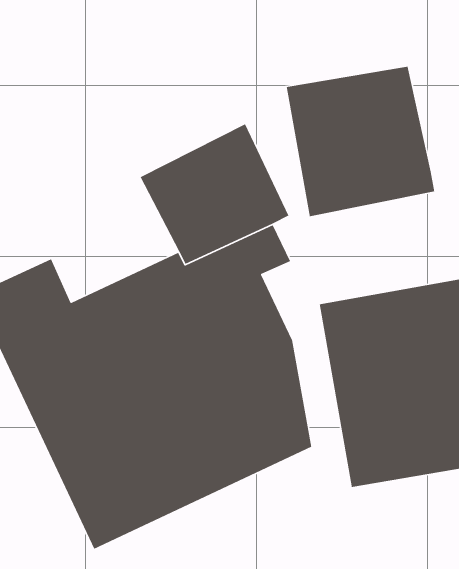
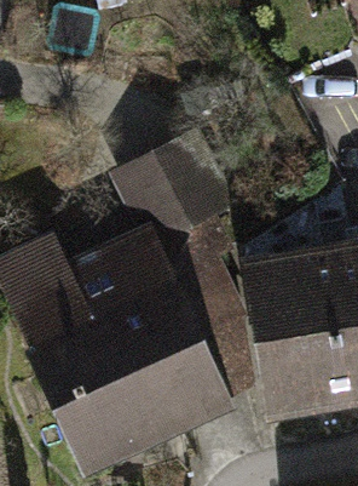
building: [286,66,435,217] -> none

